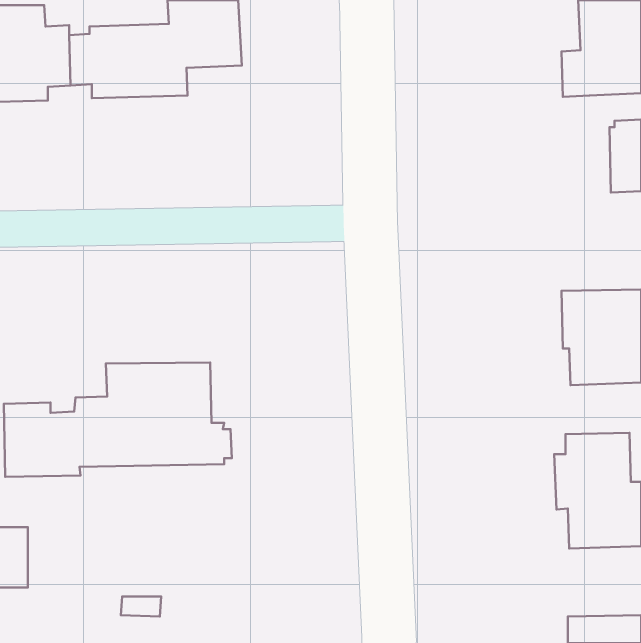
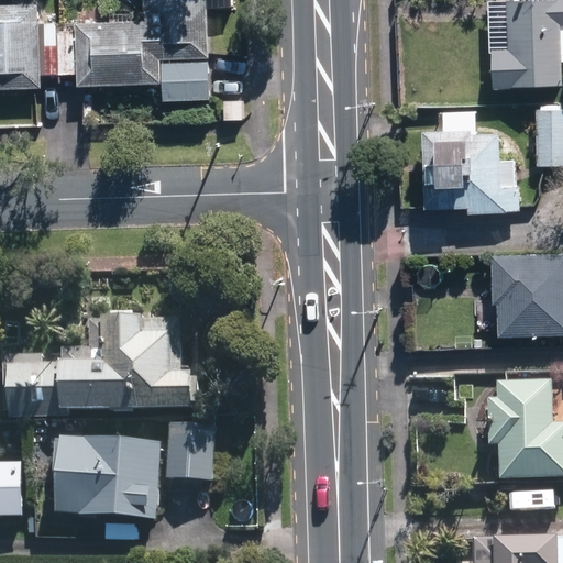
building: none -> [164,62,210,101]
building: none -> [422,109,518,209]
building: none -> [168,421,218,478]
building: none -> [59,434,164,517]

